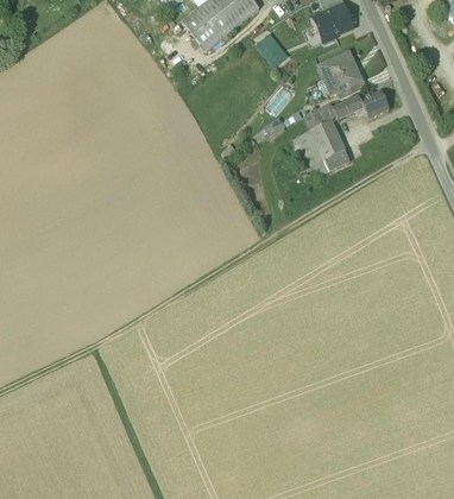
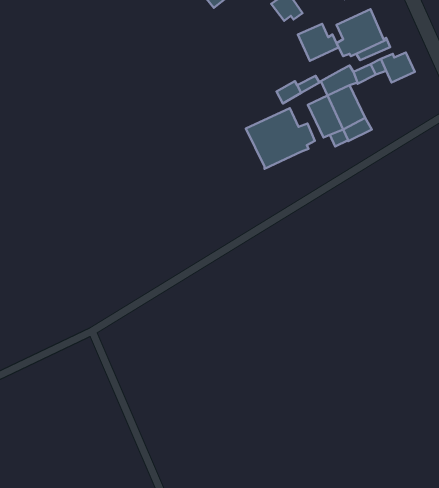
building: none -> [298,24,339,61]
building: none -> [246,108,315,169]

